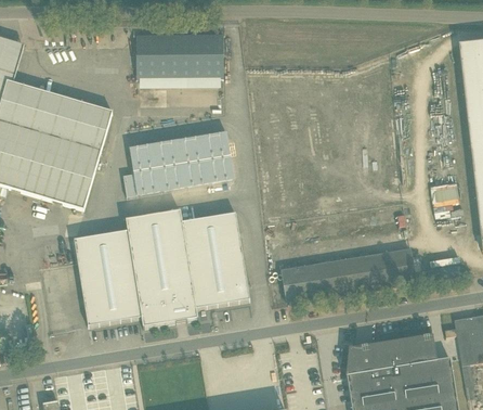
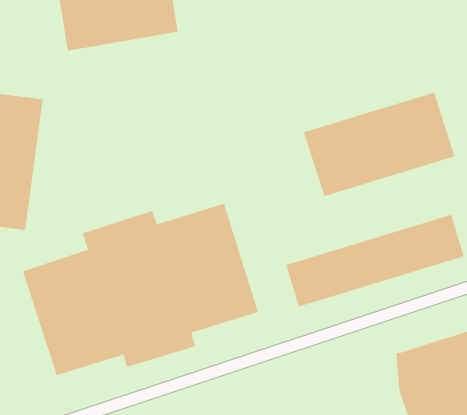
building: [123,131,234,194] -> none
building: none -> [303,92,455,197]

